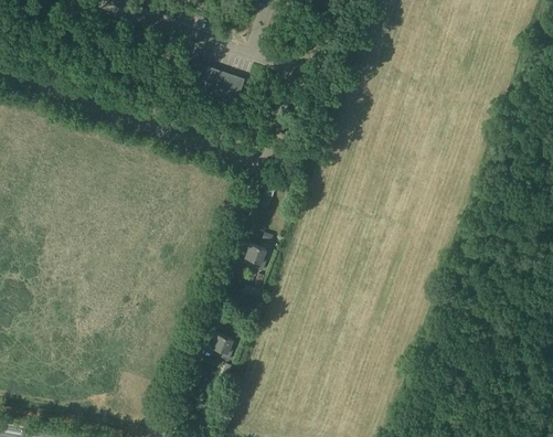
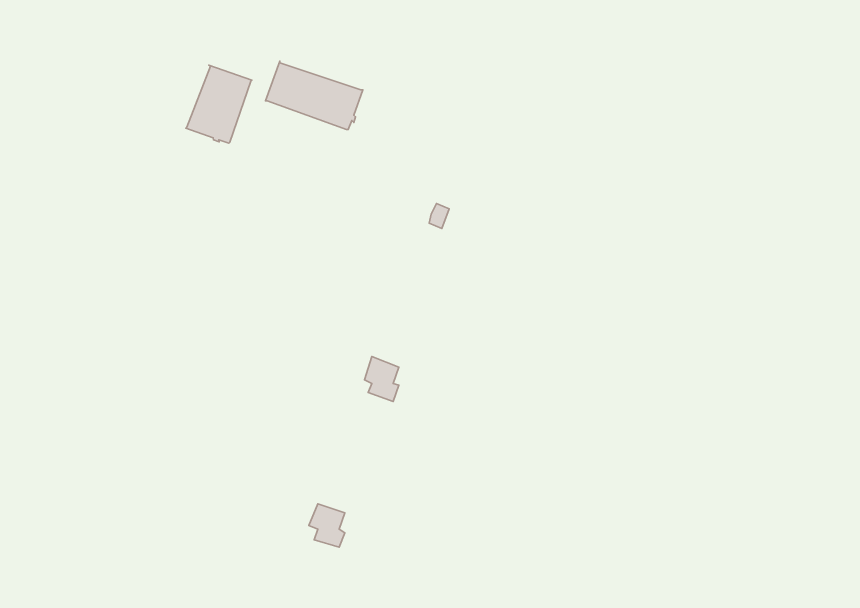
building: none -> [186,65,252,143]

